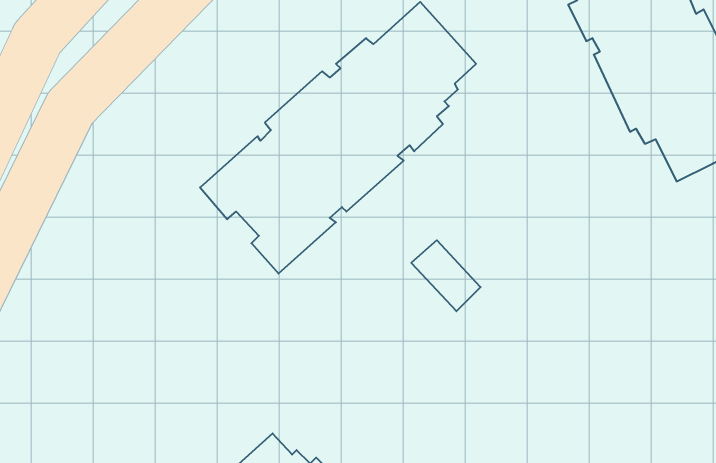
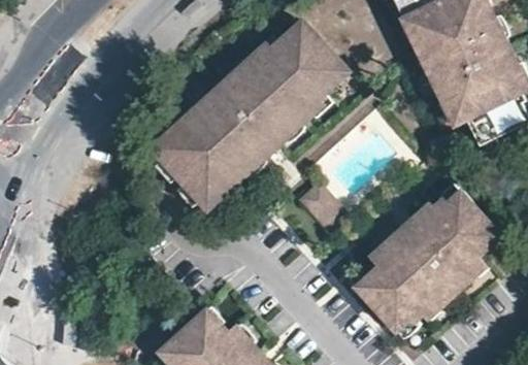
building: none -> [357,189,496,329]

